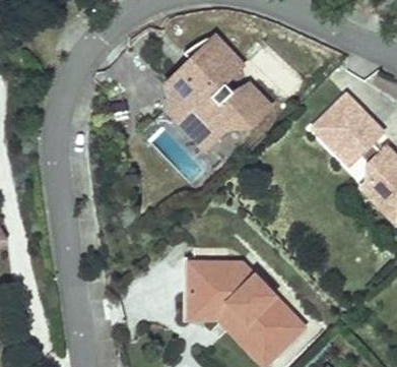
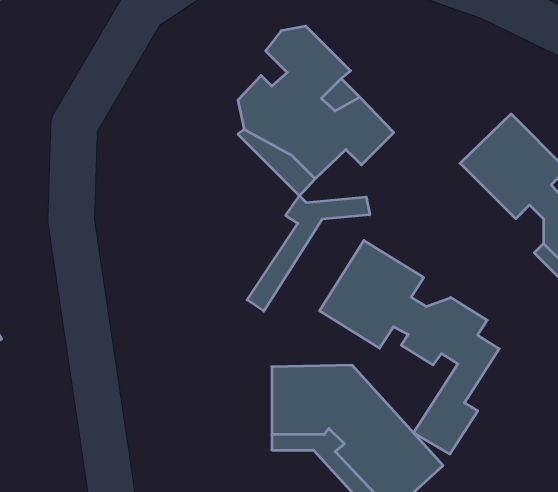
building: none -> [247,196,370,311]
building: none -> [320,240,499,454]

